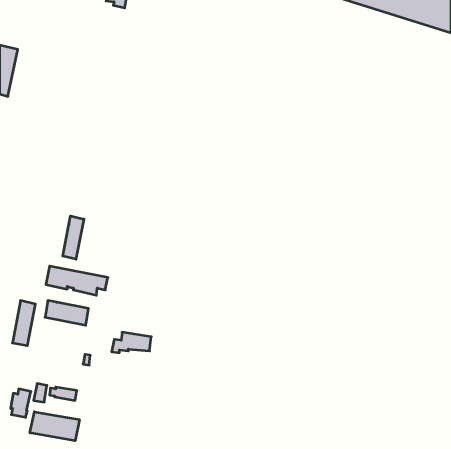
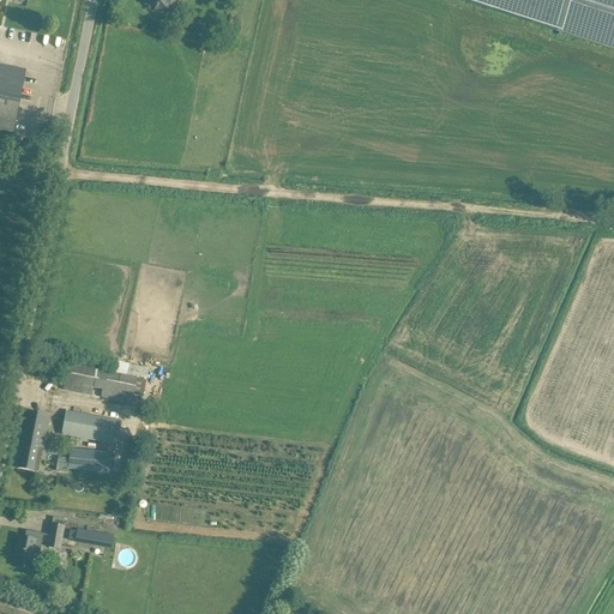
building: [63,216,84,259] -> none
building: [112,332,151,353] -> [55,445,109,472]
building: [30,412,79,441] -> none

